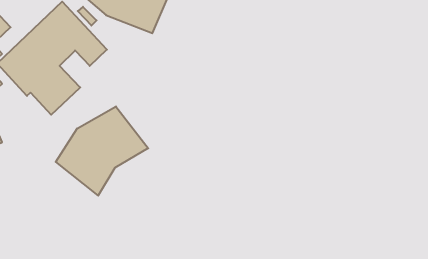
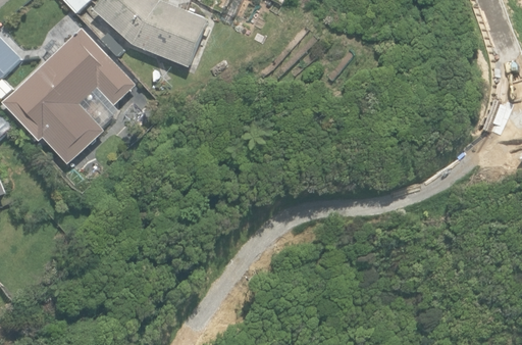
building: [56,106,148,196] -> none

